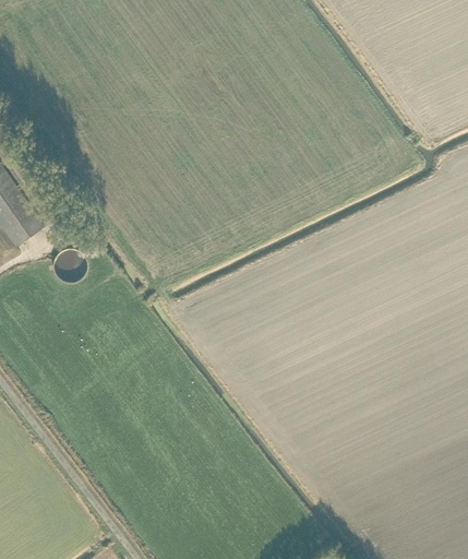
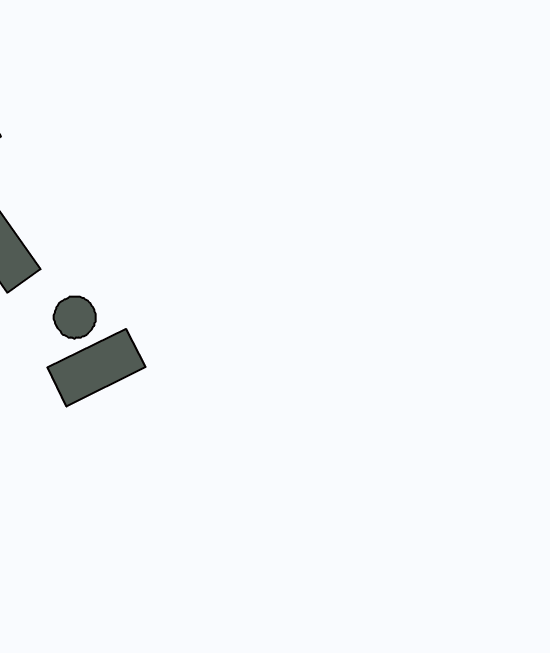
building: none -> [47,329,146,407]

